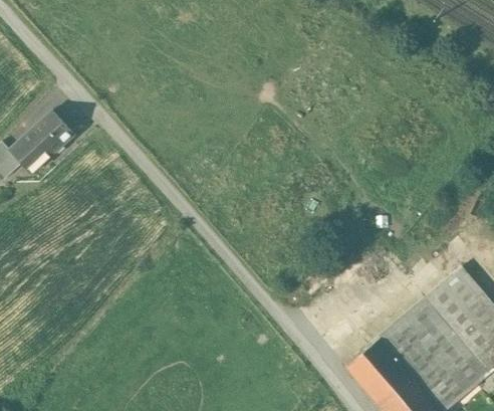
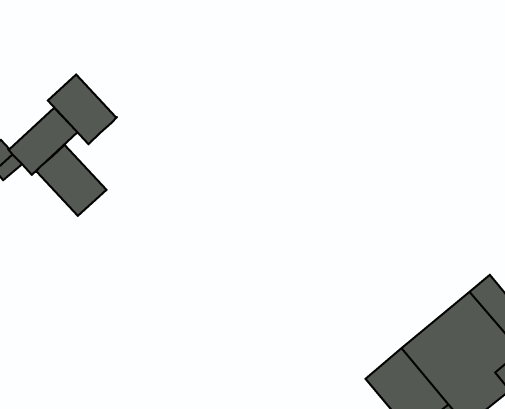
building: none -> [48,75,117,144]
building: none -> [36,145,106,216]

